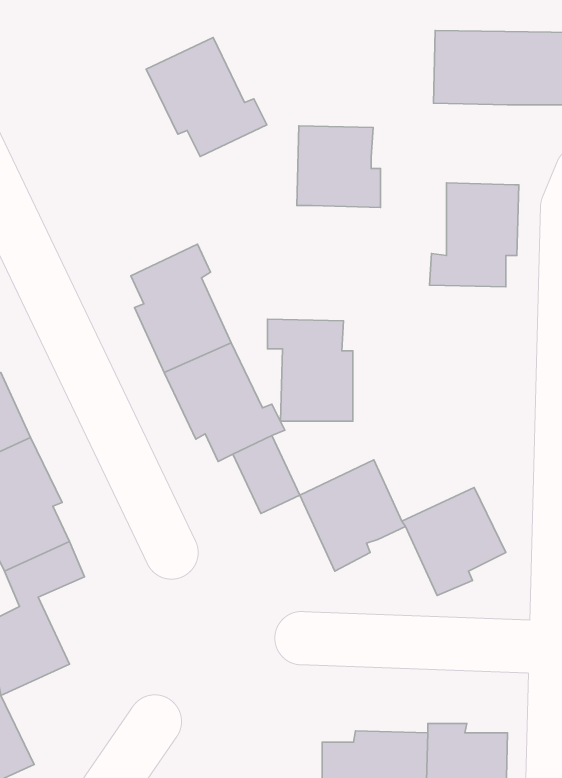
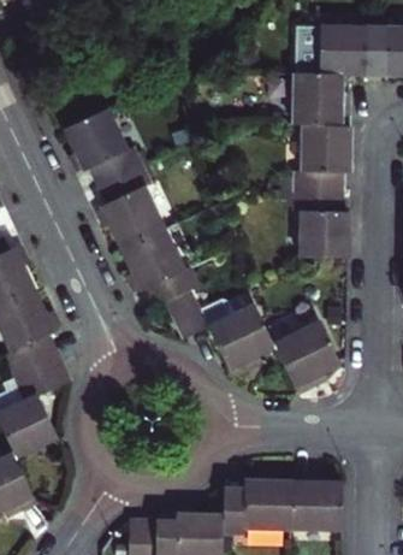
building: [146,38,267,156] -> [64,108,142,185]
building: [297,126,380,207] -> [294,73,348,126]
building: [268,319,353,421] -> [292,191,348,258]

